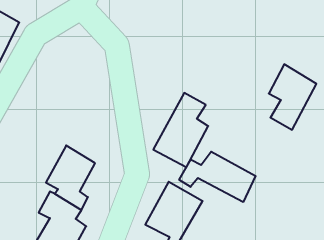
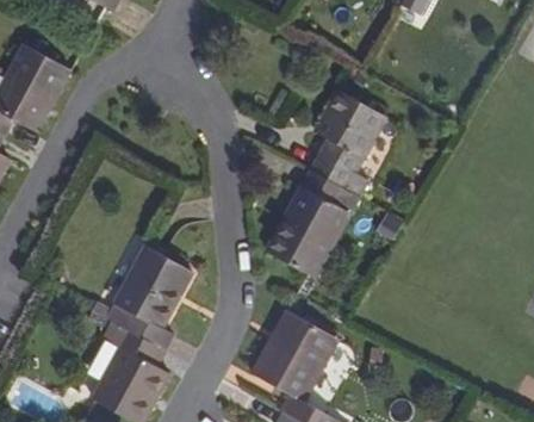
building: [269,64,316,130] -> [310,95,380,192]
building: [179,152,256,202] -> none

